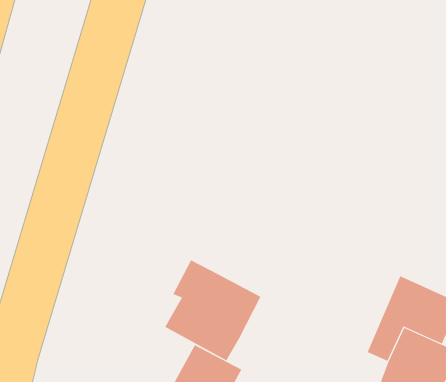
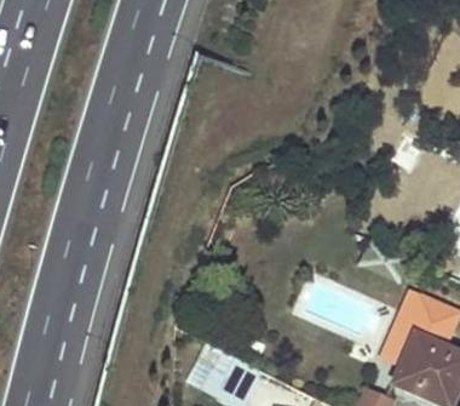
building: [165,259,261,361] -> none

